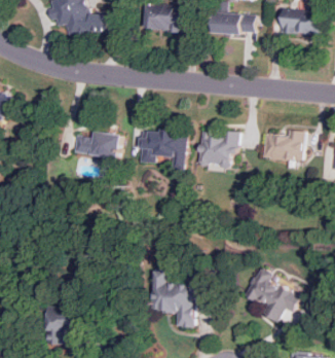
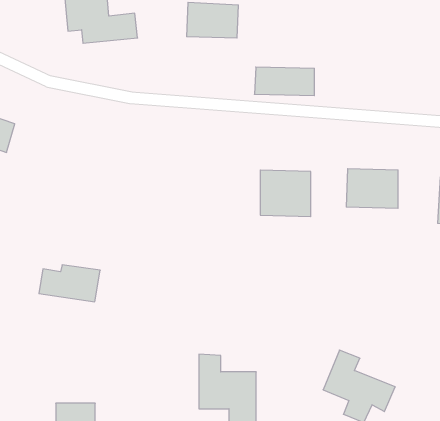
building: [278,9,320,33] -> none
building: [210,12,255,34] -> [254,67,314,96]
building: [141,129,186,170] -> none
building: [73,131,119,158] -> [39,265,100,302]

